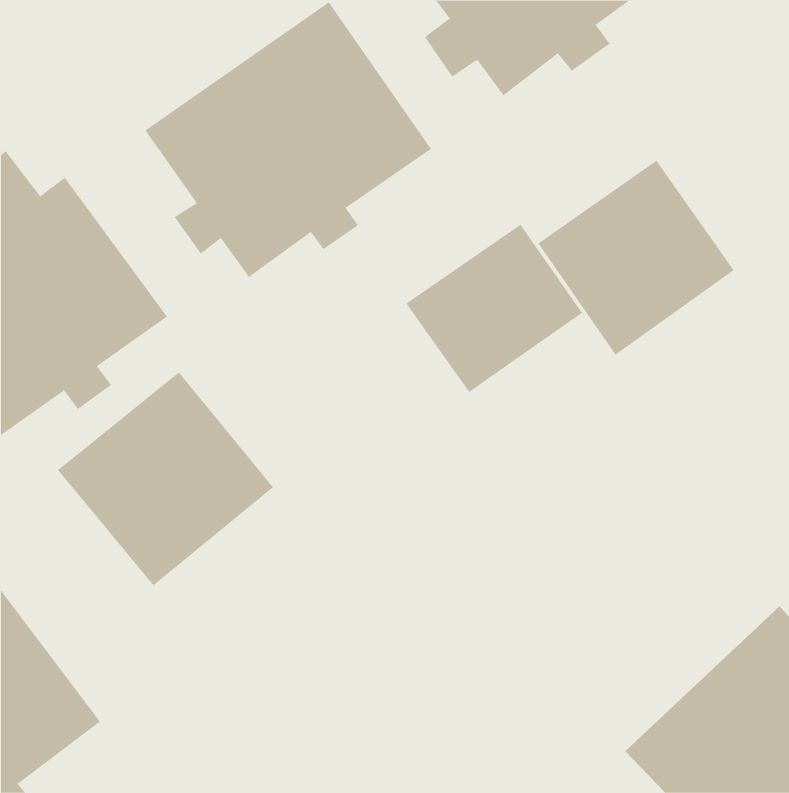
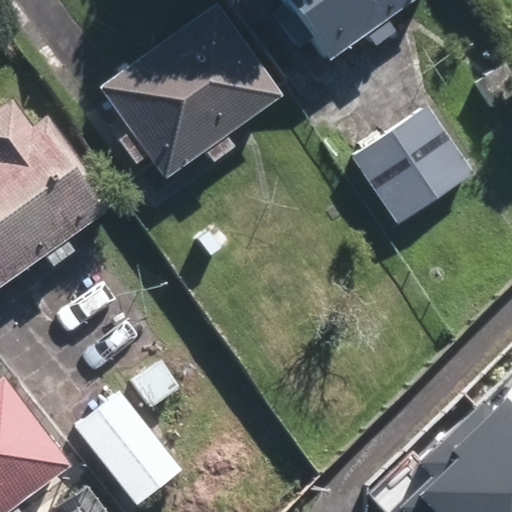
building: [405,224,583,393] -> none
building: [57,372,274,586] -> none
building: none -> [72,388,182,504]

